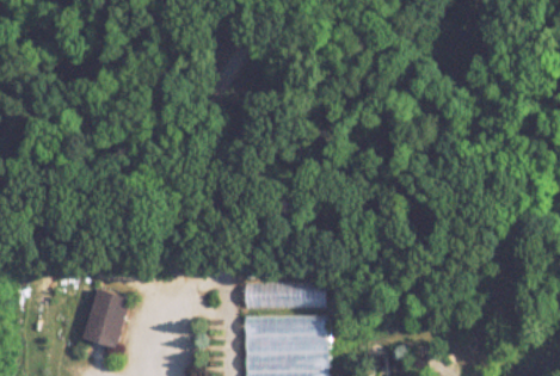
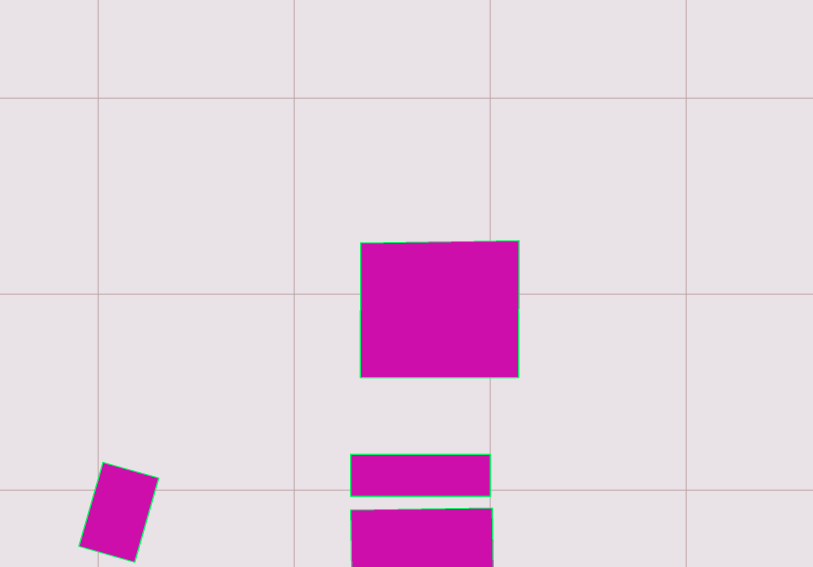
building: none -> [361,241,519,378]

